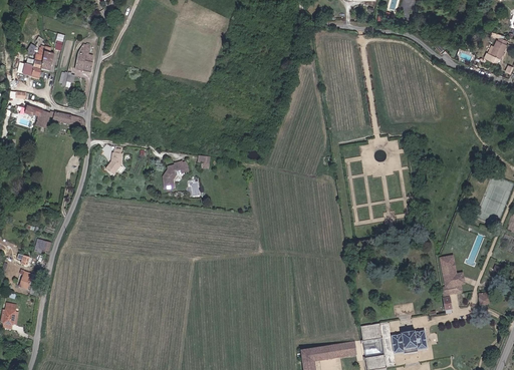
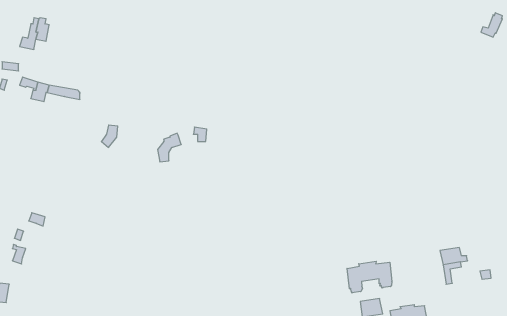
building: [74,44,94,73] -> none
building: none -> [347,261,392,293]

